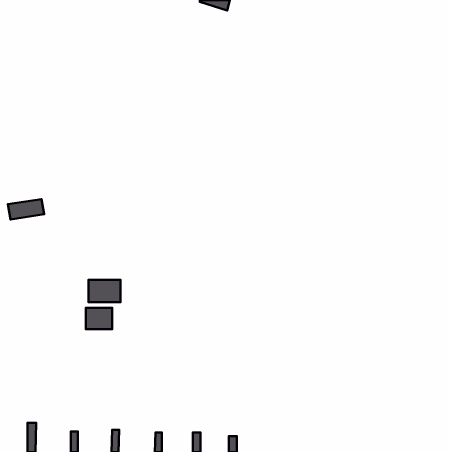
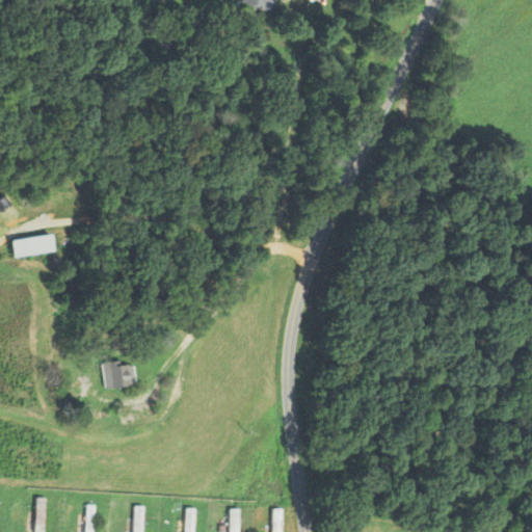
building: [88,280,120,302] -> none

